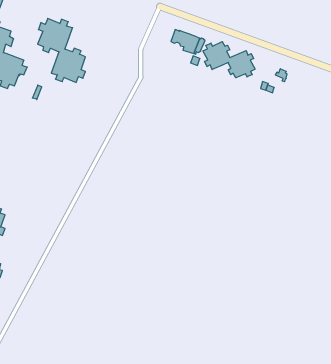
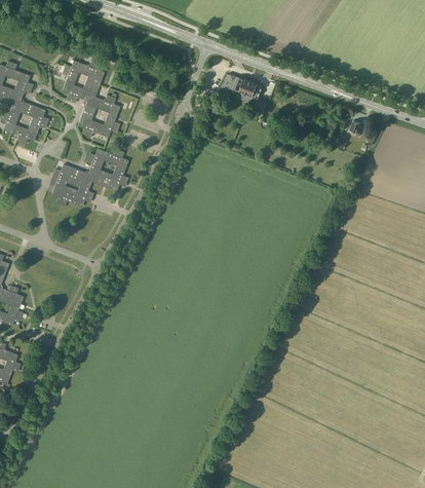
building: [203,42,255,78] -> none
building: none -> [47,148,128,207]

